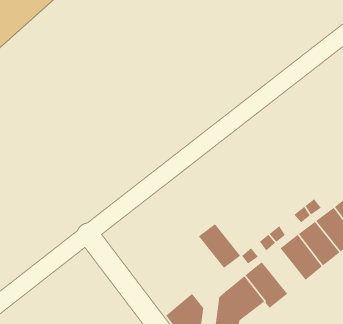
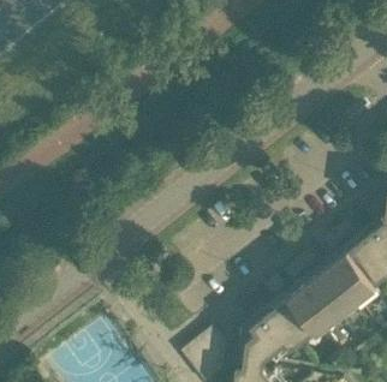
building: [198,223,241,269] -> [291,283,339,334]

